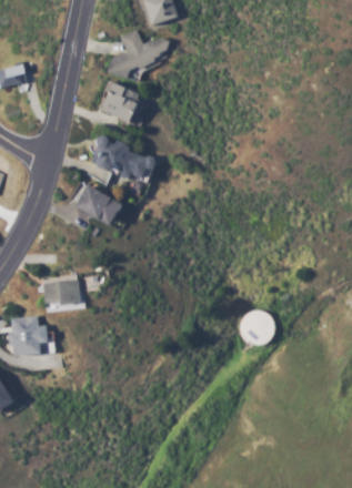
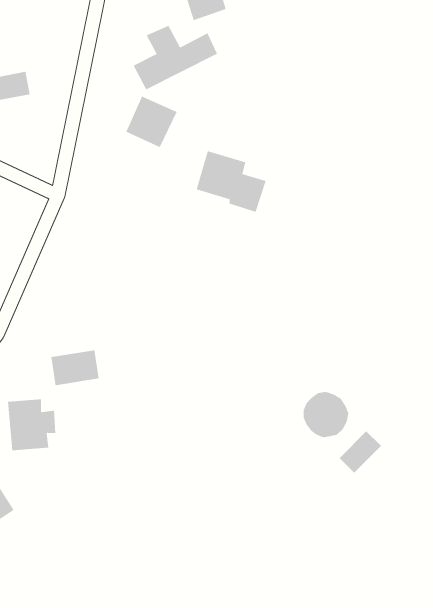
building: [92,134,147,182] -> [196,151,266,213]
building: [77,185,124,225] -> none
building: none -> [339,431,382,474]

